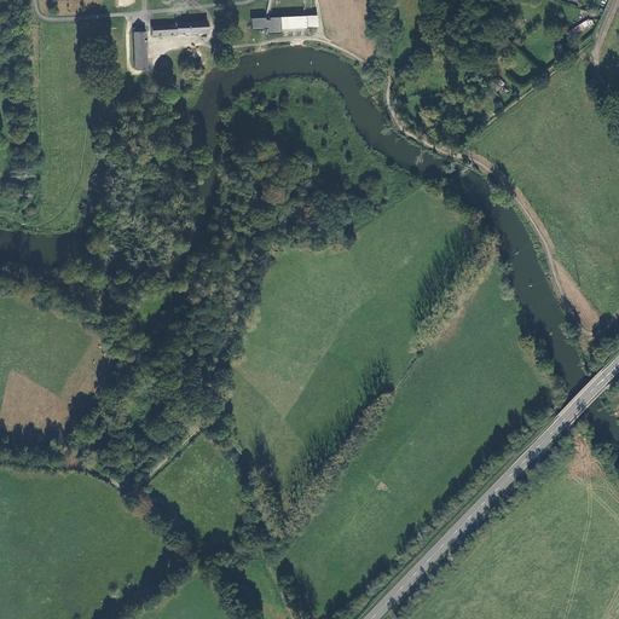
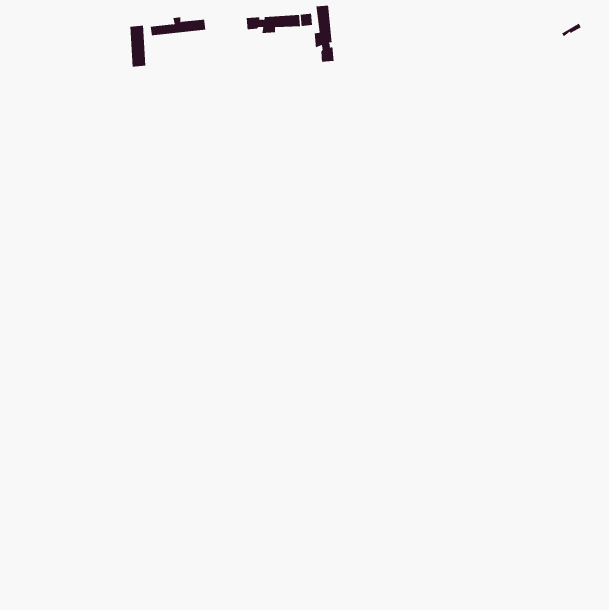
building: none -> [314,5,334,62]

